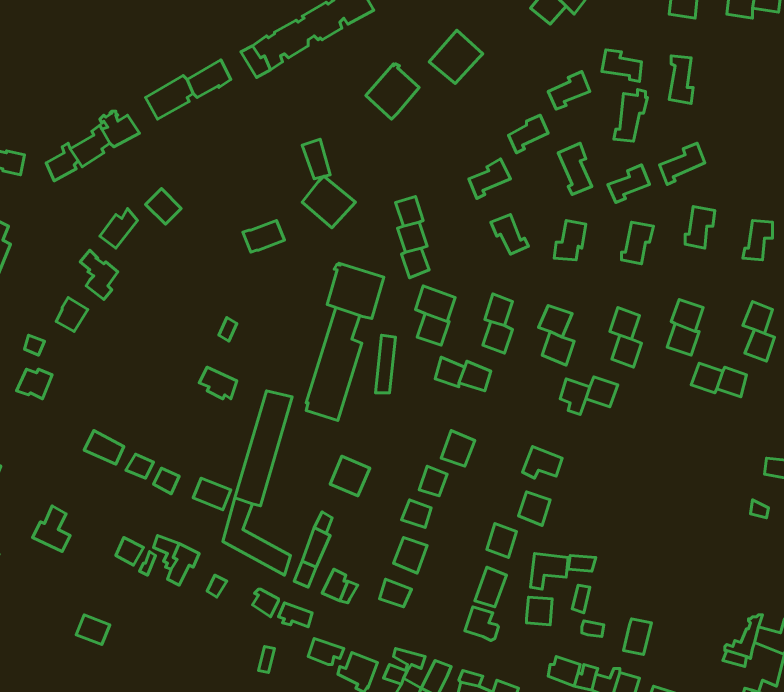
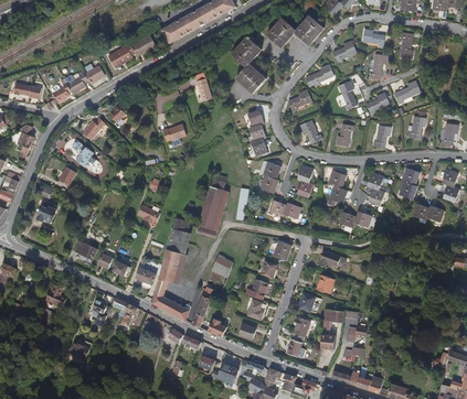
building: none -> [294,15,323,45]
building: [302,176,356,228] -> [236,64,266,93]
building: [327,263,384,319] -> none

